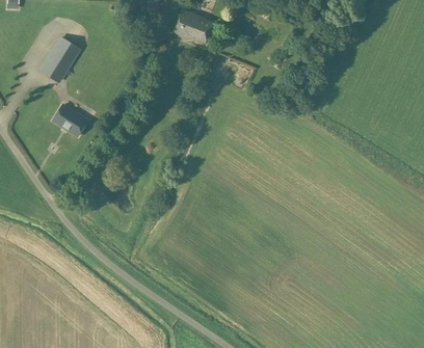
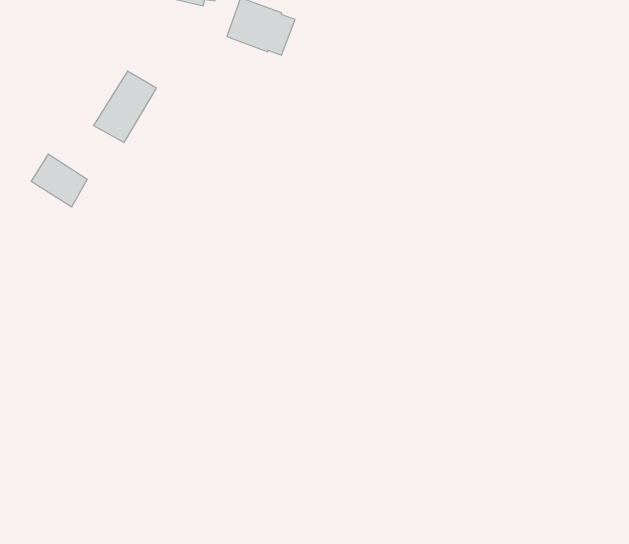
building: [39,37,78,81] -> [93,71,156,143]

